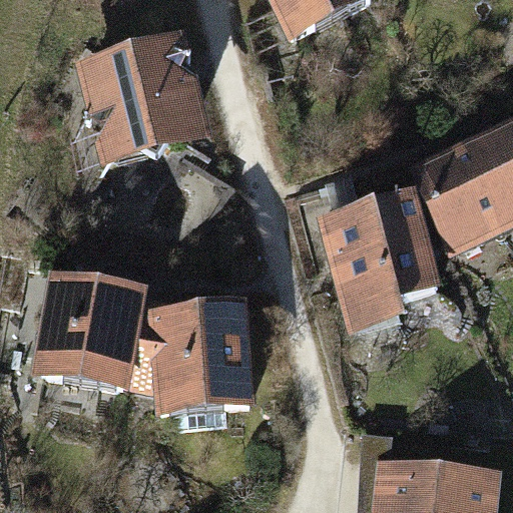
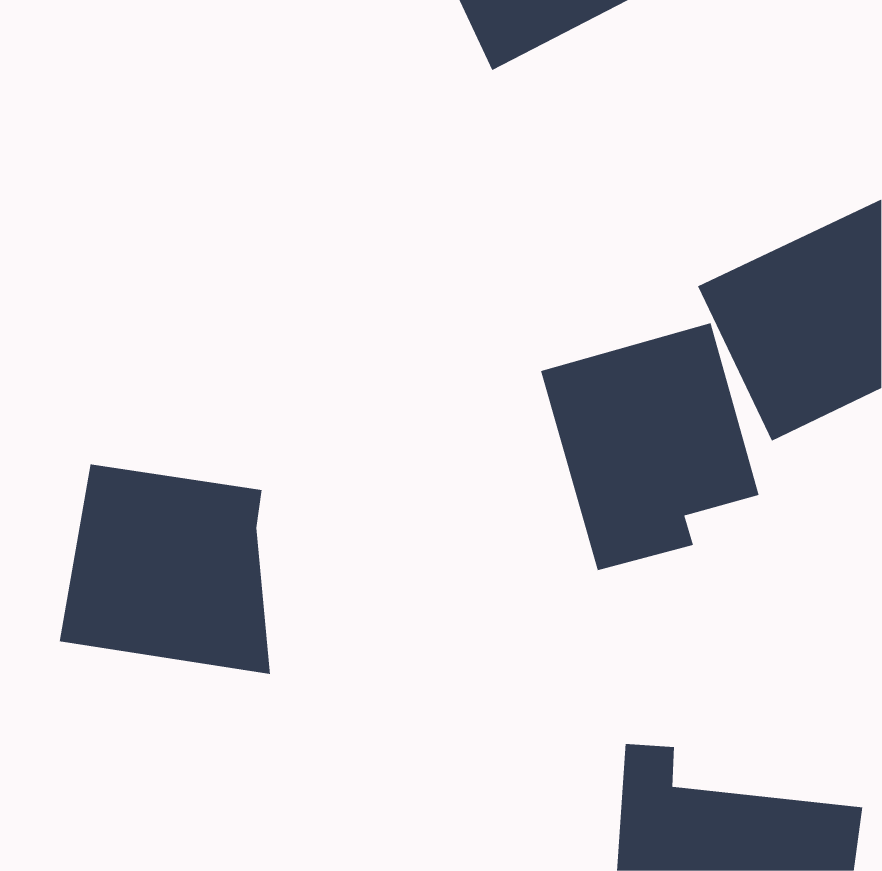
building: [77,31,217,165] -> none
building: [149,297,263,414] -> none

